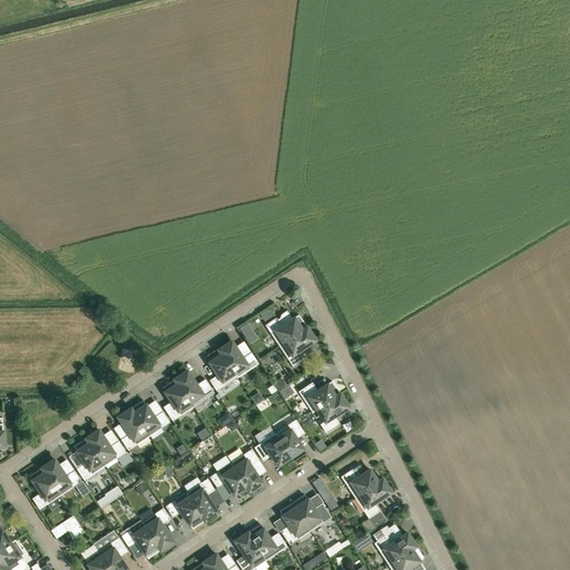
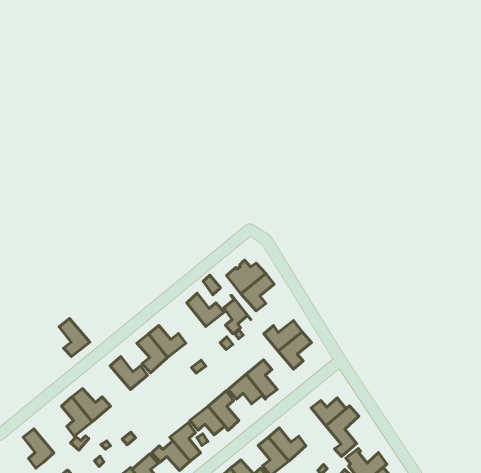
building: [209,350,237,391] -> [224,296,251,334]
building: [118,409,149,450] -> [59,318,90,357]
building: [41,459,81,495] -> none

